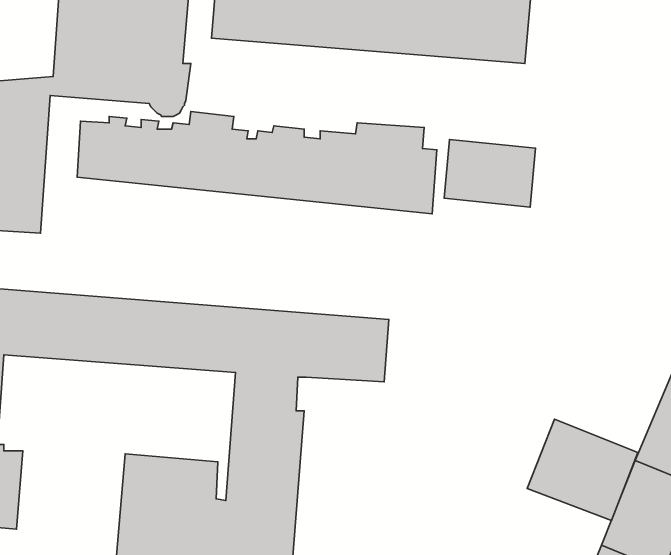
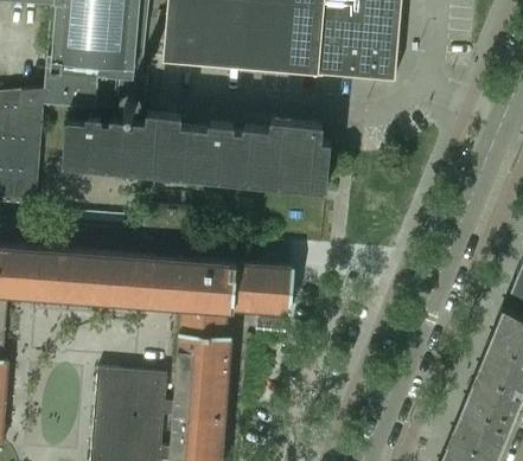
building: [444,139,535,207] -> none
building: [527,419,638,520] -> none

